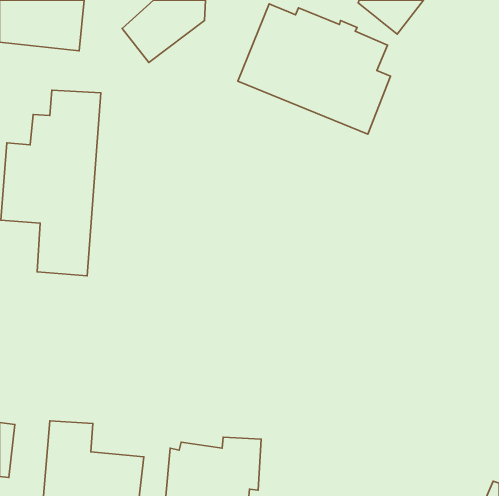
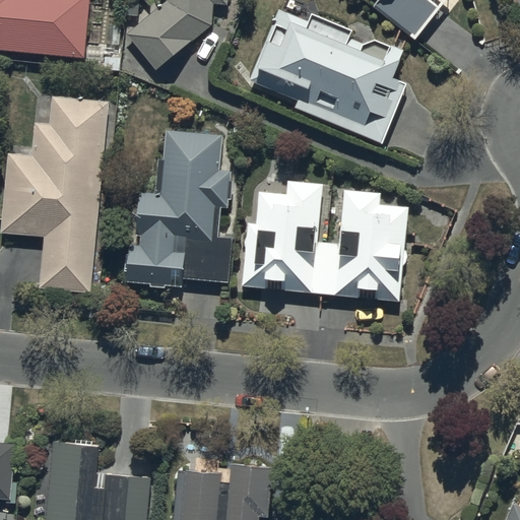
building: none -> [124,132,232,288]
building: none -> [241,182,409,302]

